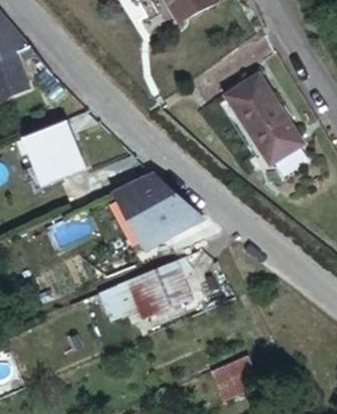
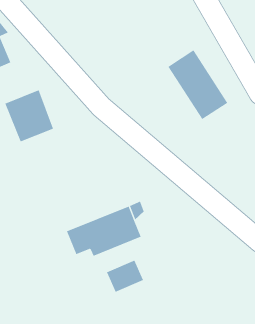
building: [111,174,206,249] -> none
building: [209,363,255,403] -> [106,260,144,293]

